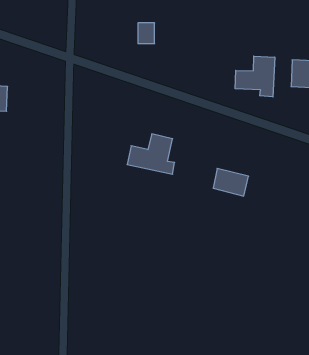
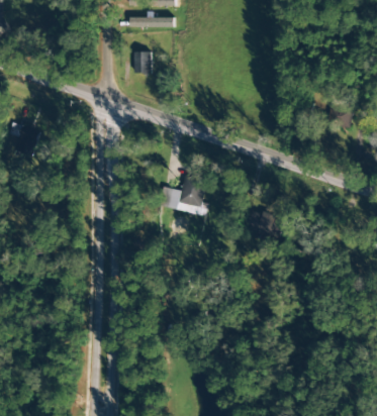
building: [138,23,155,44] -> [135,51,153,73]
building: [235,56,275,97] -> none

